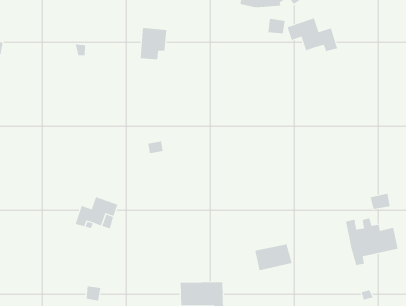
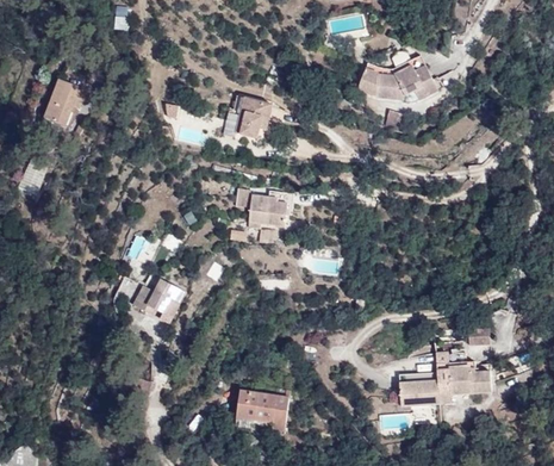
building: [287,18,338,52] -> none
building: none -> [234,186,292,225]
building: [254,244,293,271] -> [398,380,438,405]

